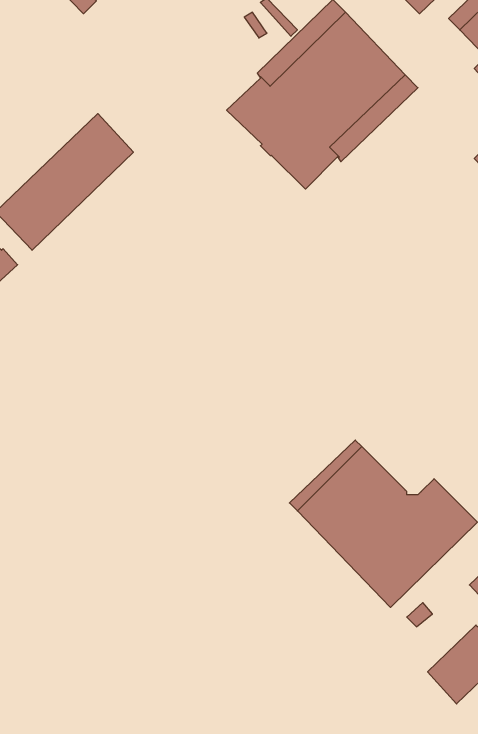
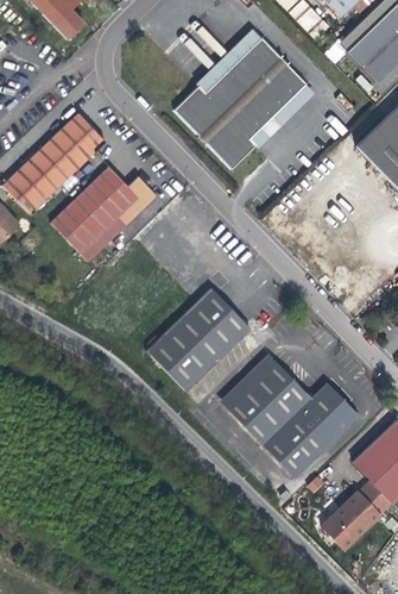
building: none -> [52,165,158,252]
building: none -> [147,287,252,390]

